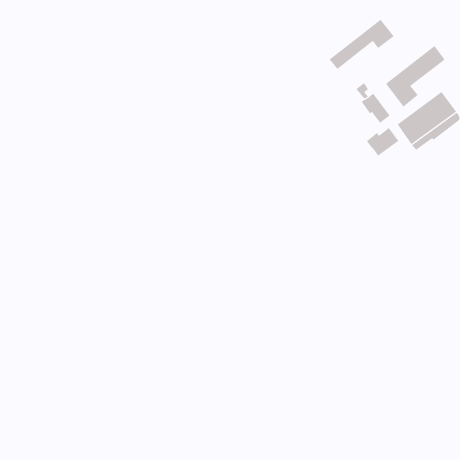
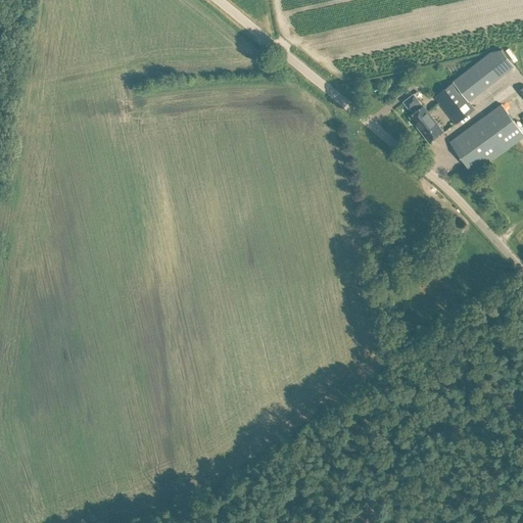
building: [329,19,395,70] -> none
building: [366,127,399,157] -> none

